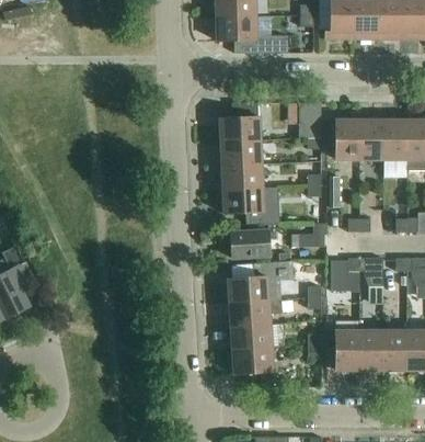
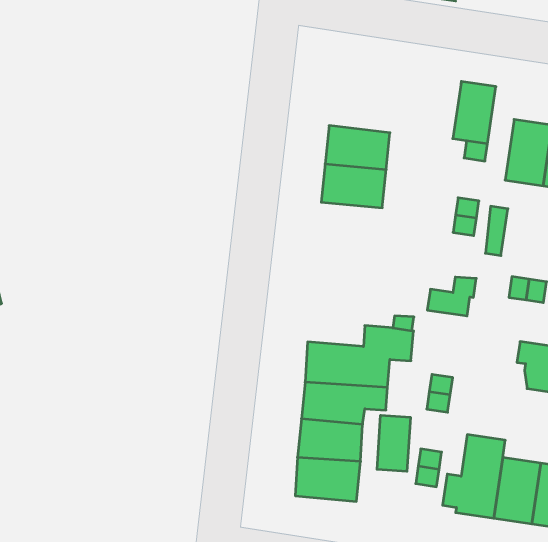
building: [220,115,260,140] -> none
building: [223,185,280,225] -> none
building: [230,229,269,257] -> none
building: [331,257,359,290] -> none
building: none -> [377,415,410,471]

